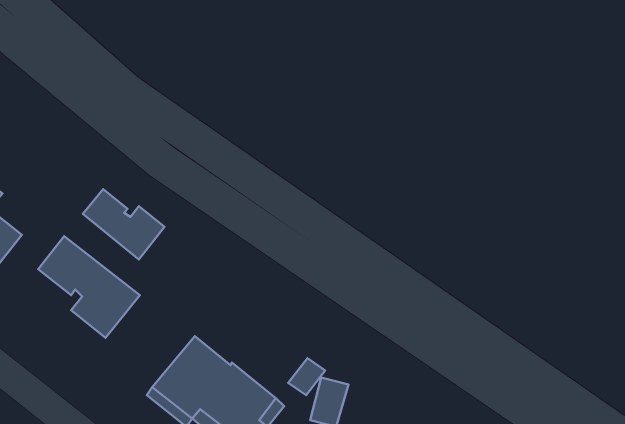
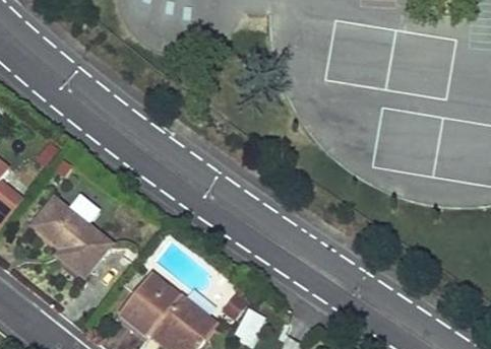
building: [83,189,165,259] -> none

